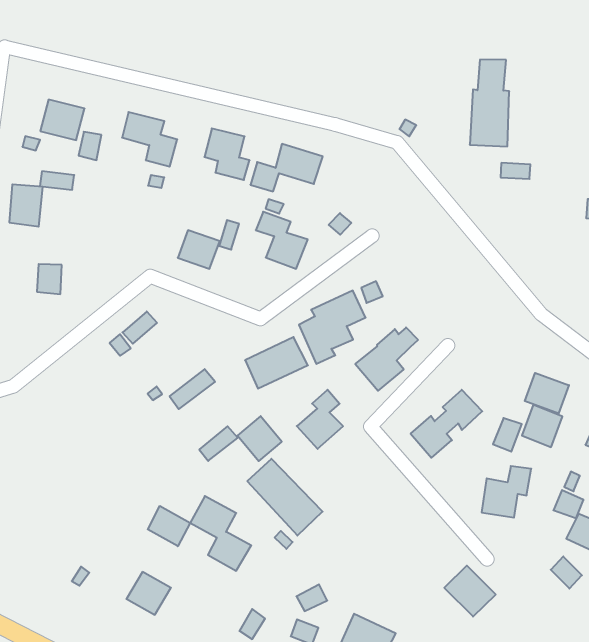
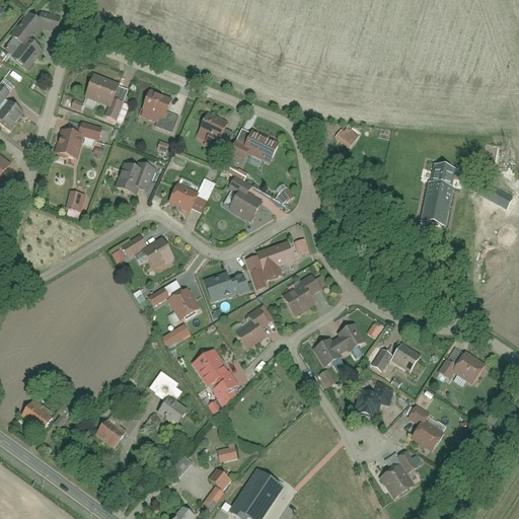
building: [470,60,509,146] -> [420,161,454,225]
building: none -> [117,162,156,195]
building: none -> [142,236,173,269]
building: [525,373,569,413] -> none
building: [238,416,282,461] -> [169,289,200,320]
building: [148,506,190,546] -> none
building: none -> [21,397,56,430]
building: [444,566,496,617] -> [379,463,415,500]

